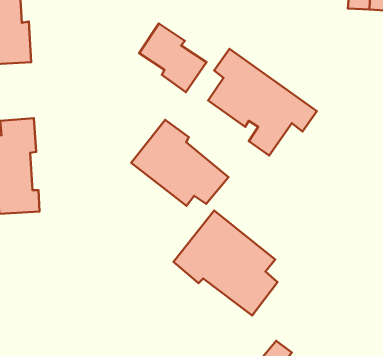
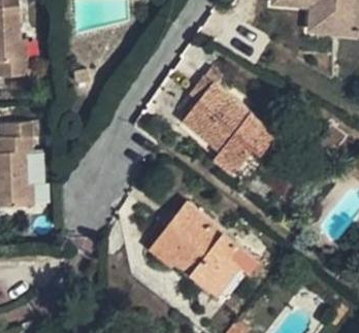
building: [139,24,207,92] -> none
building: [131,120,228,206] -> none

